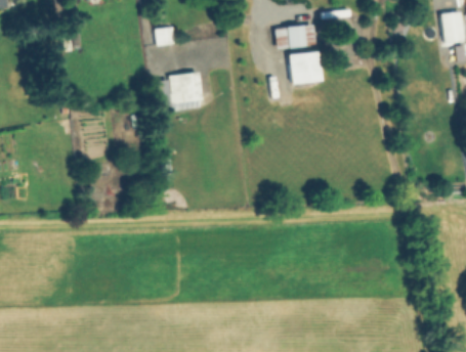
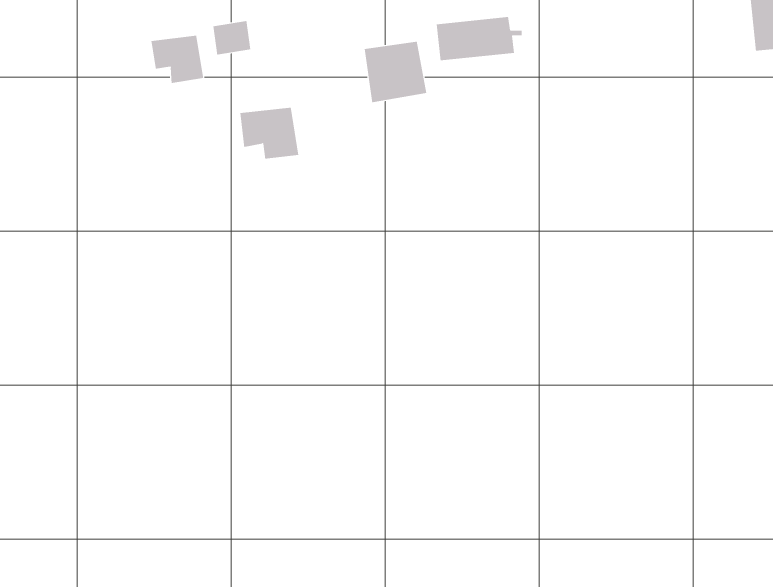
building: none -> [151,35,204,84]
building: [288,51,322,84] -> [364,41,427,103]

